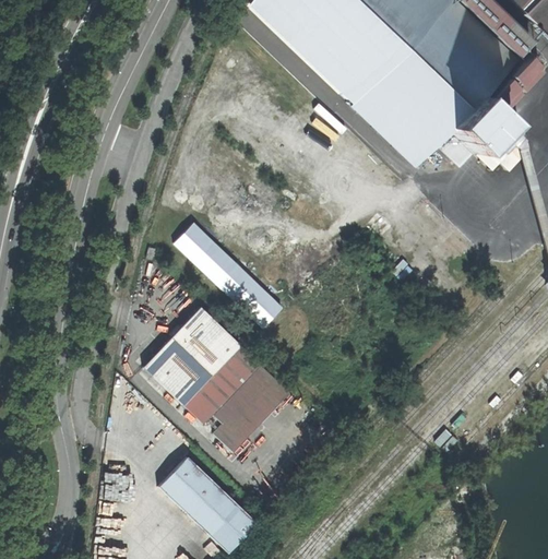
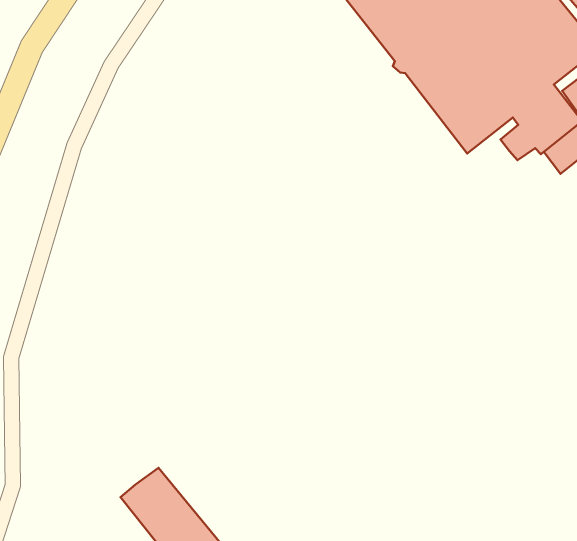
building: [175,222,281,326] -> none
building: [145,306,290,452] -> none

